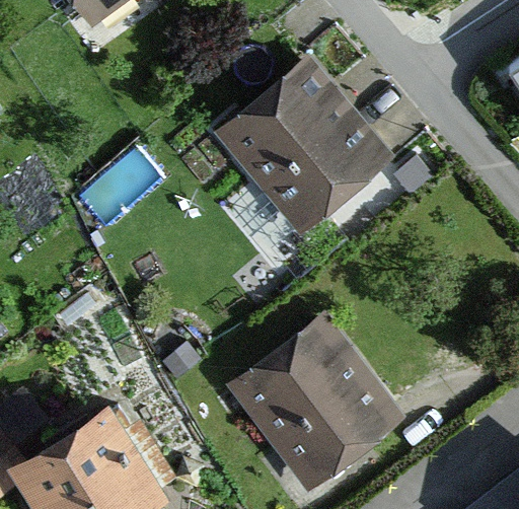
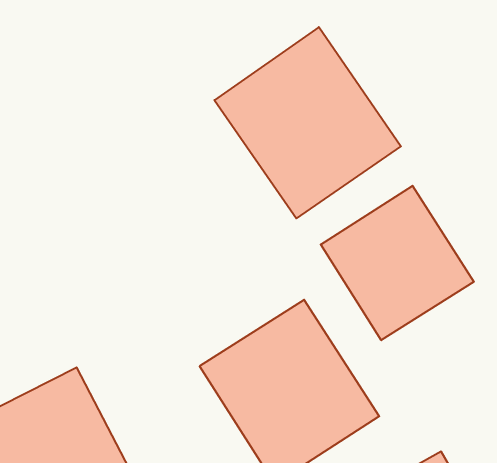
building: none -> [321,186,474,340]

